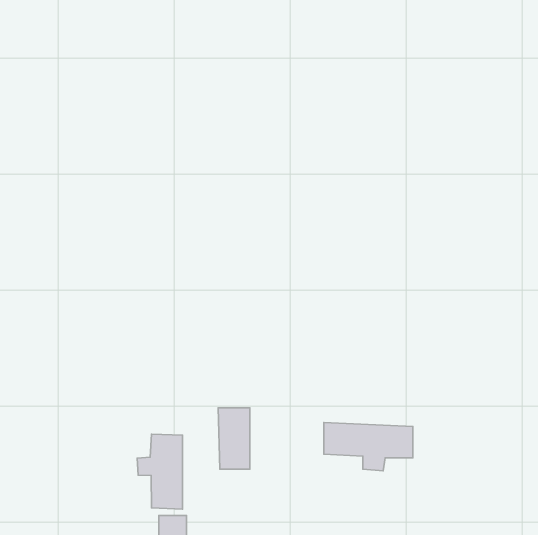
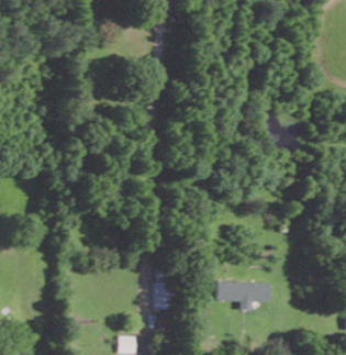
building: [137,434,182,509] -> none

